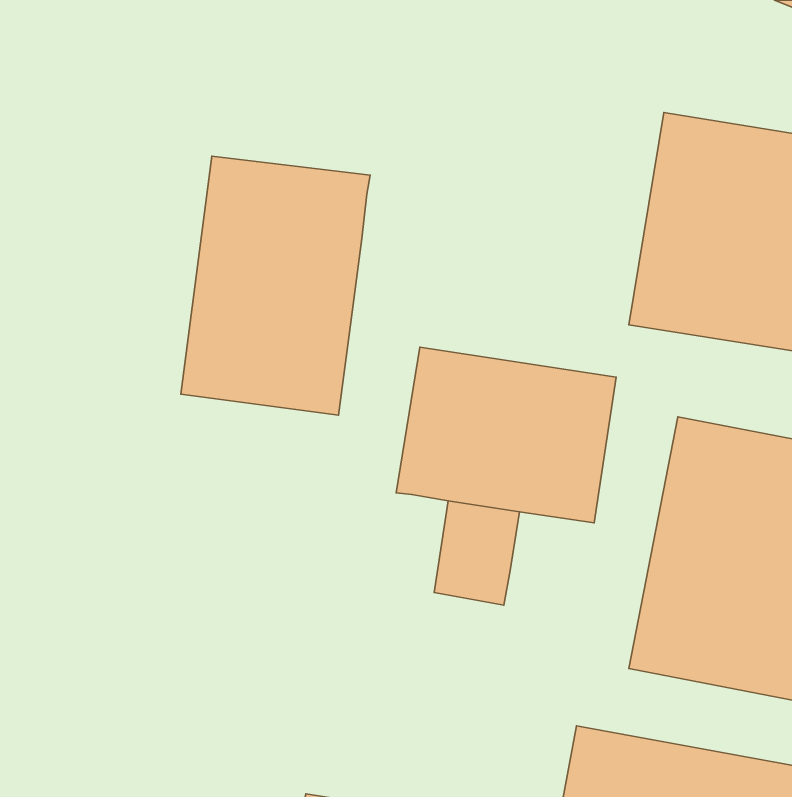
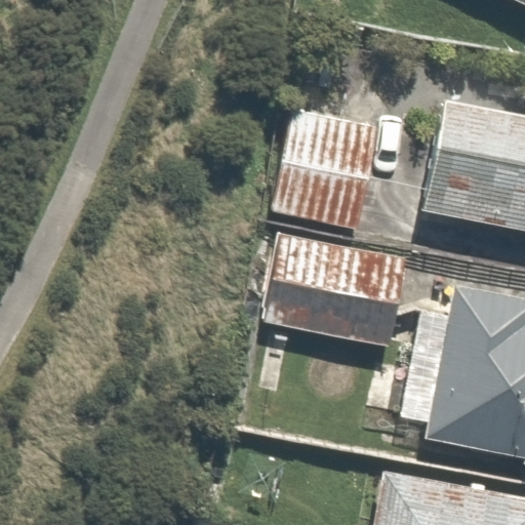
building: none -> [276,95,382,226]
building: [181,156,370,415] -> none

